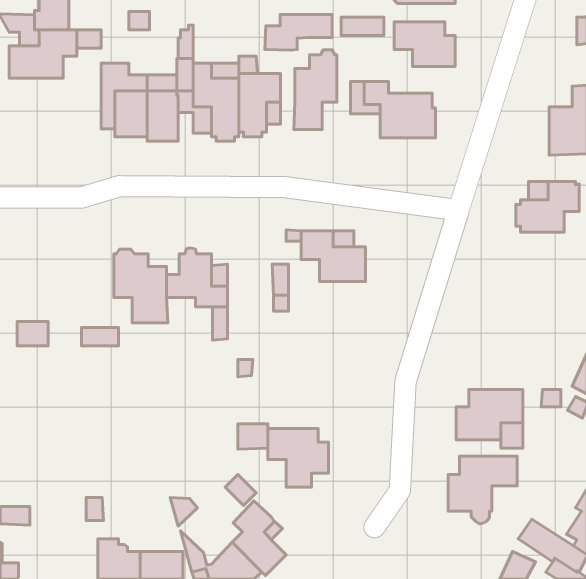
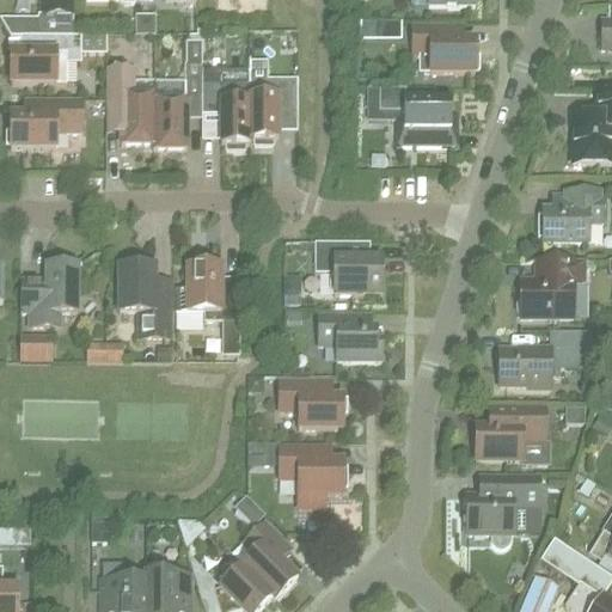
building: [265,14,332,50] -> none
building: [294,50,337,130] -> none
building: none -> [11,98,82,146]
building: none -> [516,257,585,314]
building: none -> [19,263,78,324]
building: none -> [318,312,381,360]
building: none -> [500,329,594,386]
building: none -> [279,379,343,428]
building: none -> [510,506,539,536]

